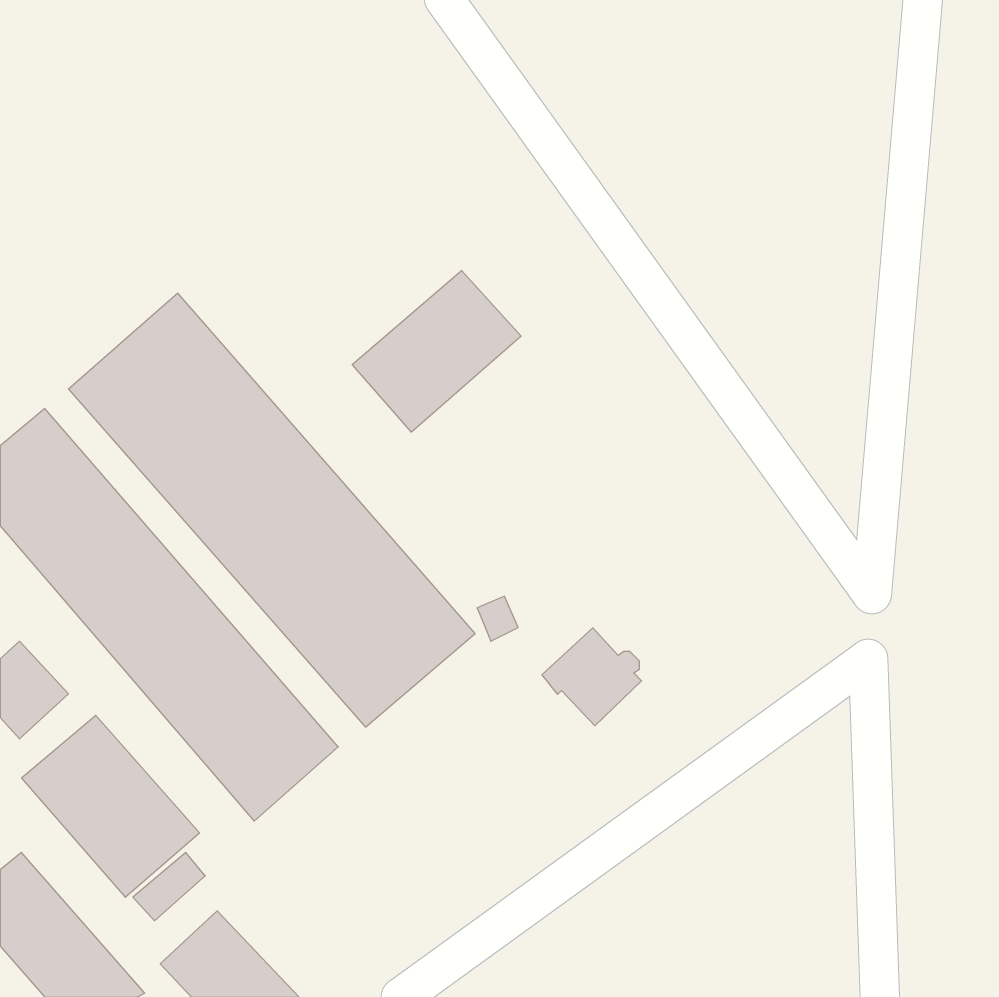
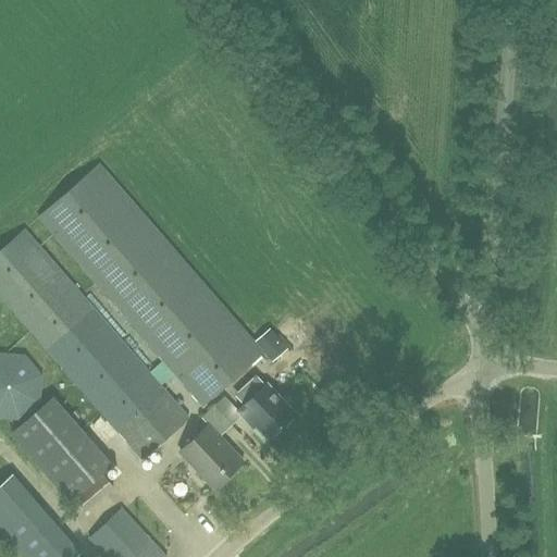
building: [352,270,521,432] -> none
building: [542,628,642,726] -> [239,383,295,437]
building: none -> [181,423,244,487]

